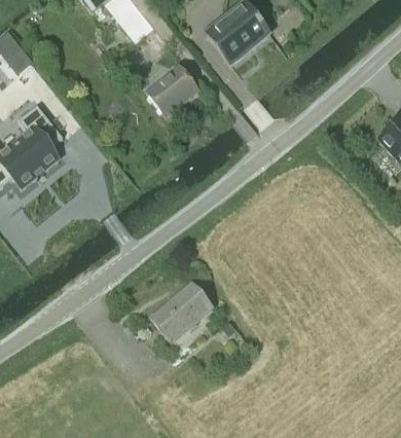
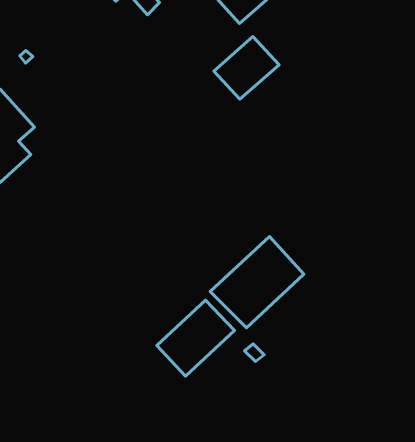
building: [146,65,198,114] -> [214,37,279,99]
building: none -> [210,236,304,328]

